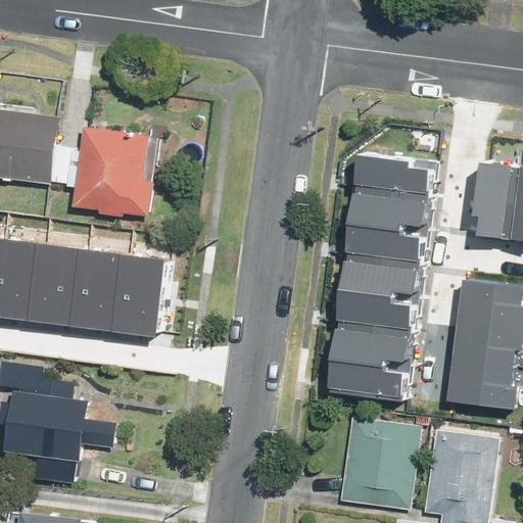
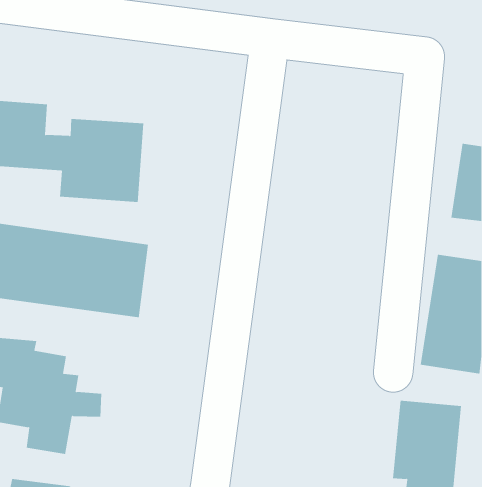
building: [327,150,441,402] -> none
building: [334,417,416,509] -> none

